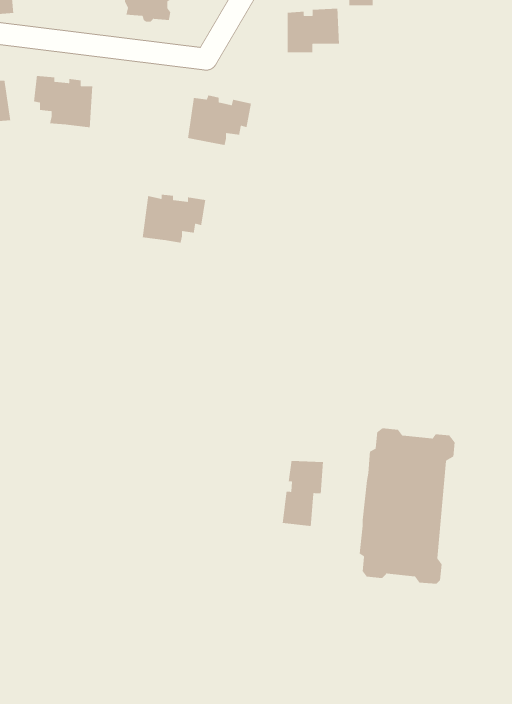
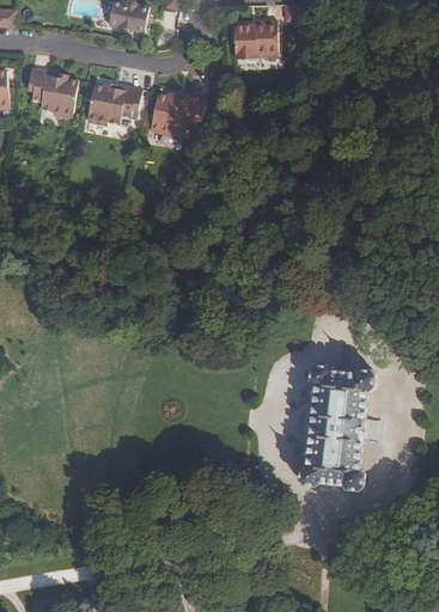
building: [142,194,206,244] -> [90,84,142,124]
building: [282,460,324,527] -> none

